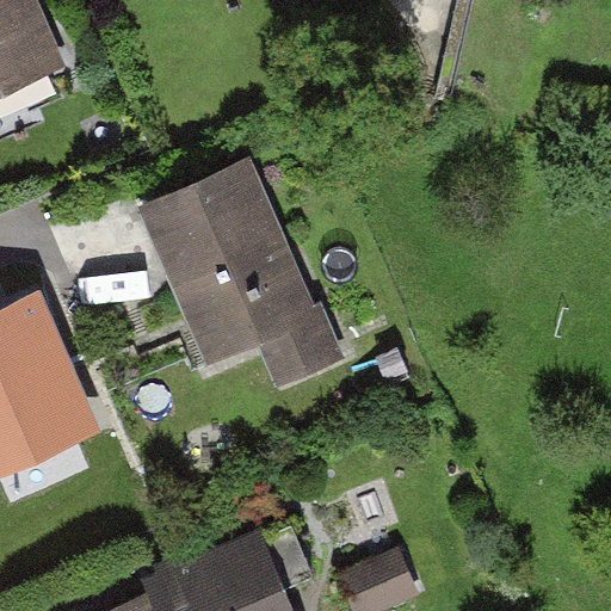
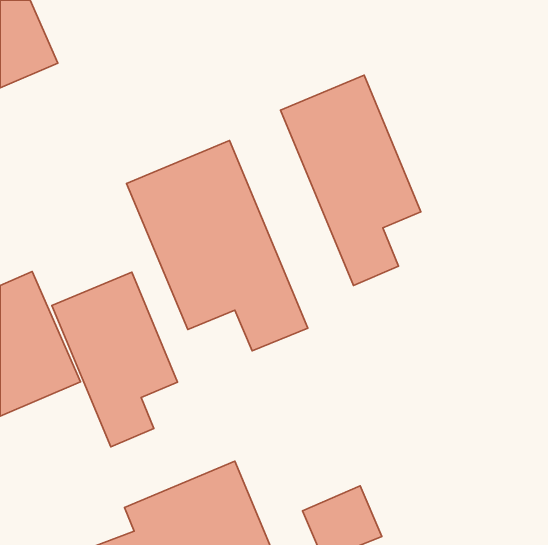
building: none -> [280,75,421,286]
building: none -> [52,272,178,447]

